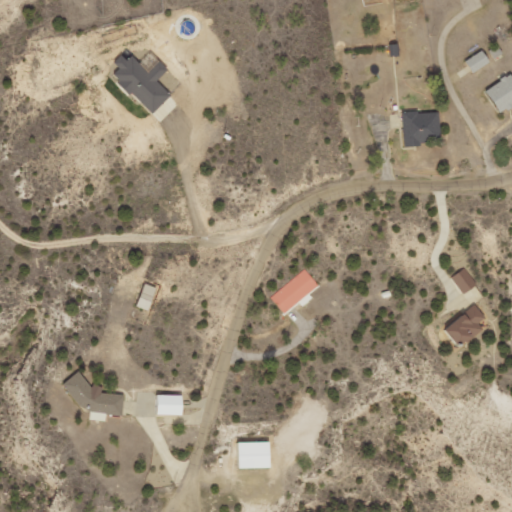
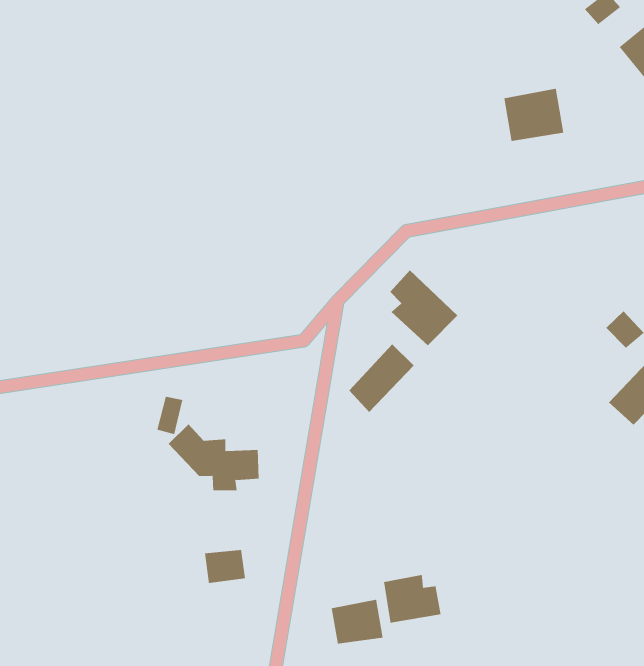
building: [113,55,171,114] -> none
building: none -> [389,269,458,346]
building: [63,371,124,421] -> [168,423,259,491]
building: none -> [384,574,441,624]

